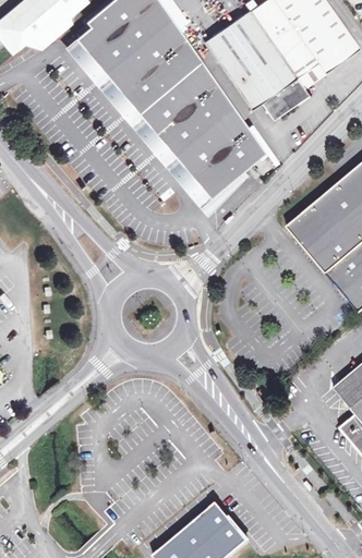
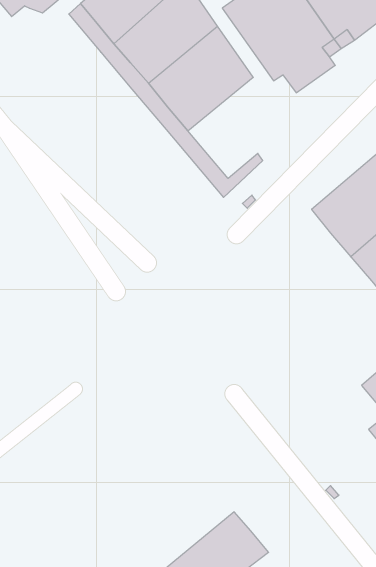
building: [174,105,279,197] -> none

